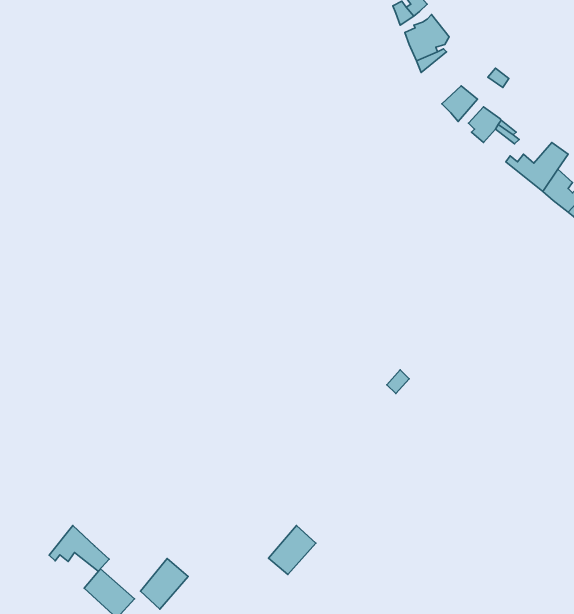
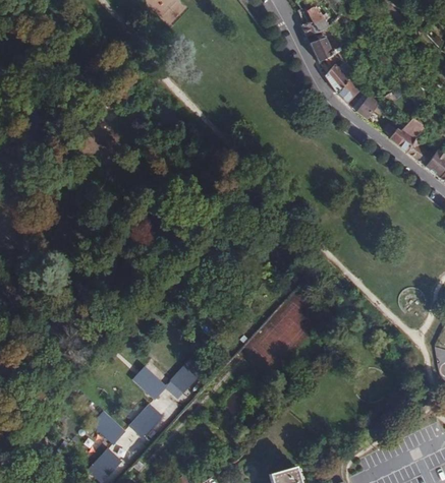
building: none -> [326,64,352,92]
building: none -> [132,365,167,399]
building: [268,525,316,574] -> [171,358,204,391]
building: [49,525,109,571] -> none

